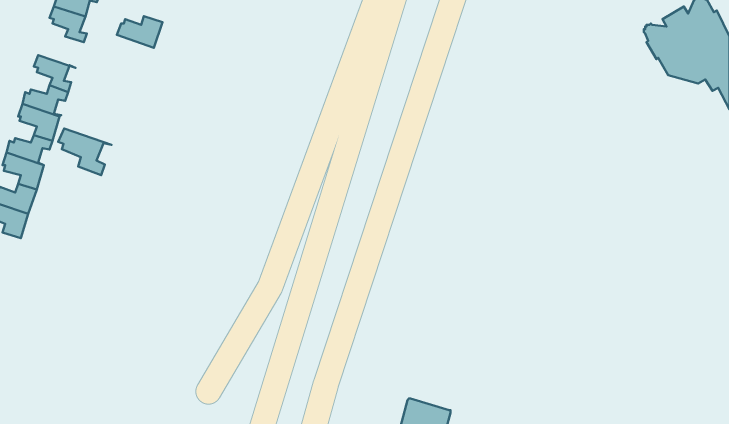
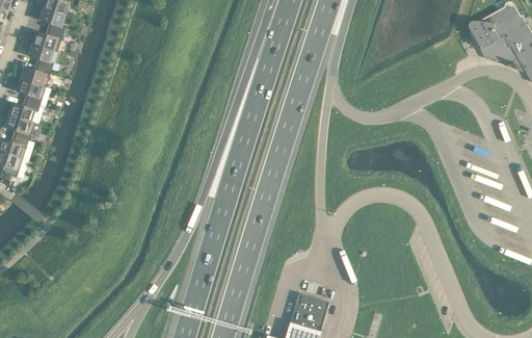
building: [117,16,163,48] -> [29,31,62,54]
building: [58,129,111,175] -> none

